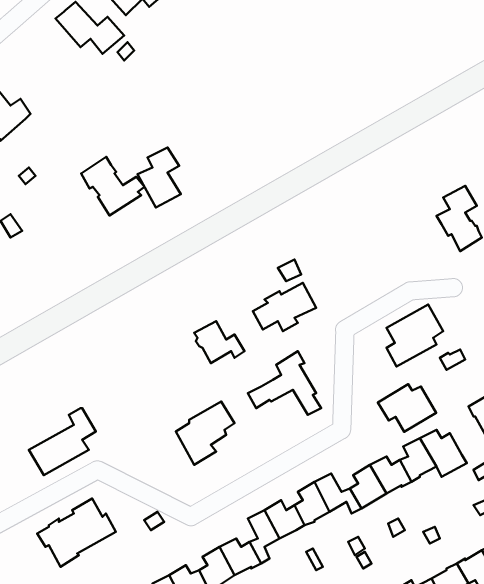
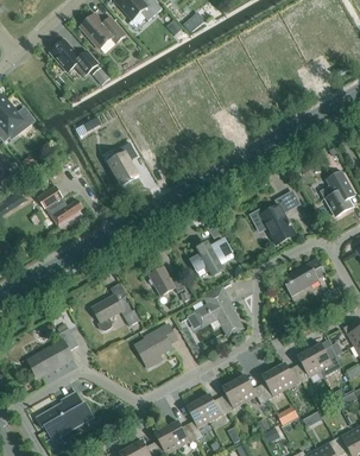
building: [81,157,145,215] -> [37,185,82,227]
building: none -> [250,195,292,241]
building: none -> [90,293,139,330]
building: [378,384,436,432] -> none

